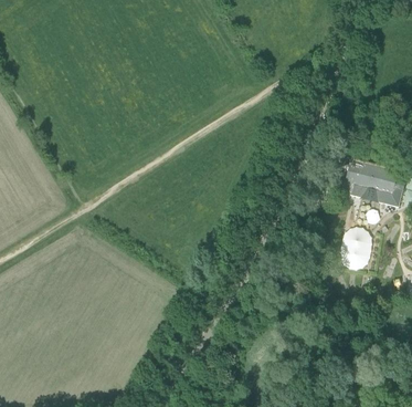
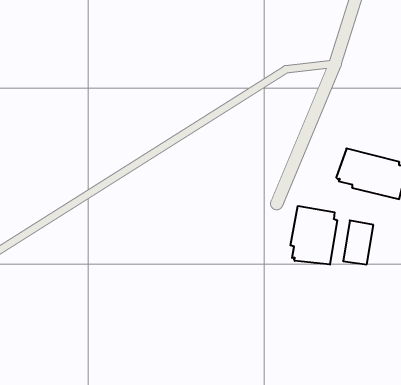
building: none -> [290,206,337,265]

